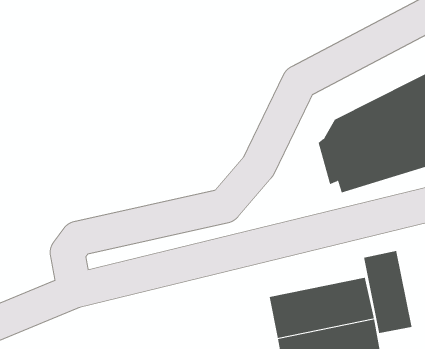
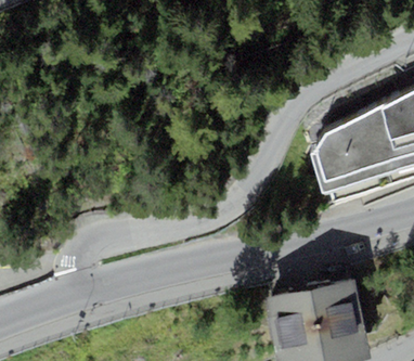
building: [364,250,412,334] -> none

